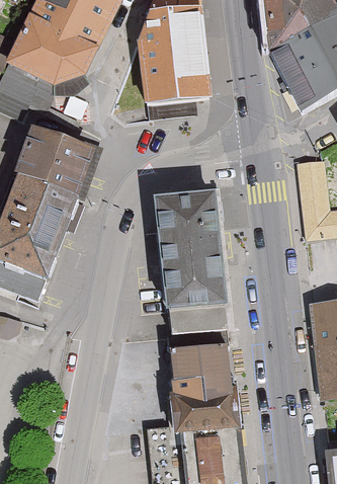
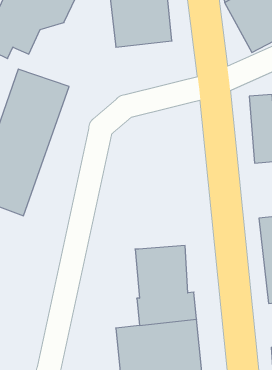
building: [156,193,225,336] -> none

